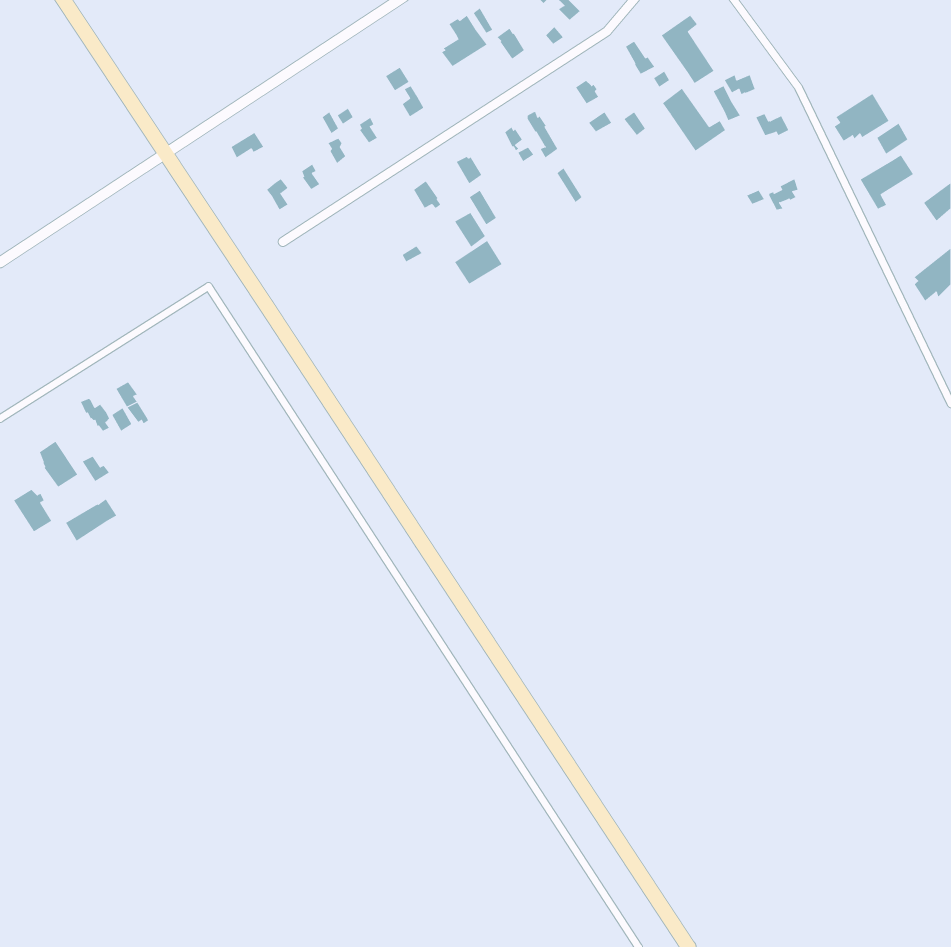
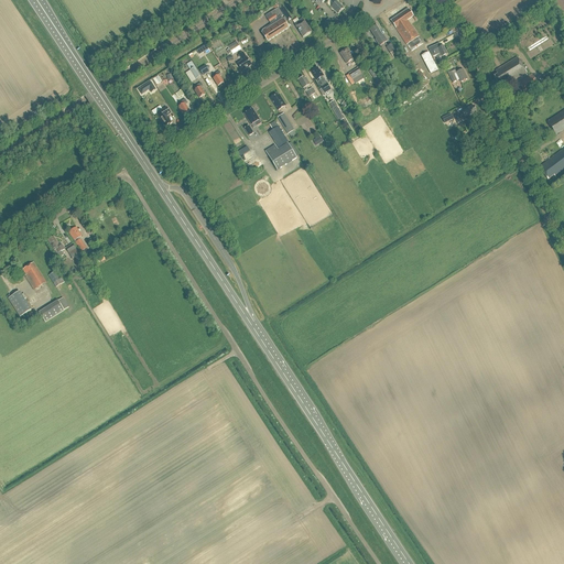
building: [662,88,726,152] -> none
building: [860,154,914,209] -> none

